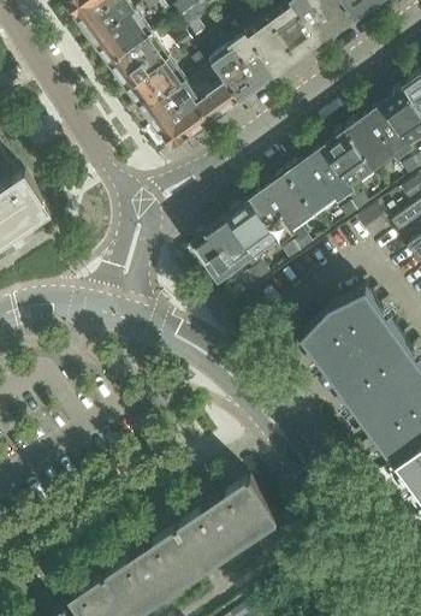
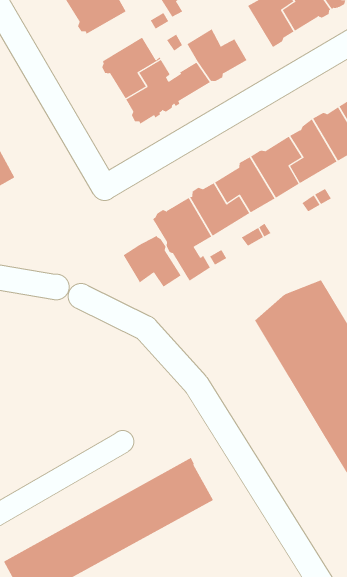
building: [230,23,296,77] -> none
building: [108,38,165,90] -> none
building: none -> [123,235,182,288]

